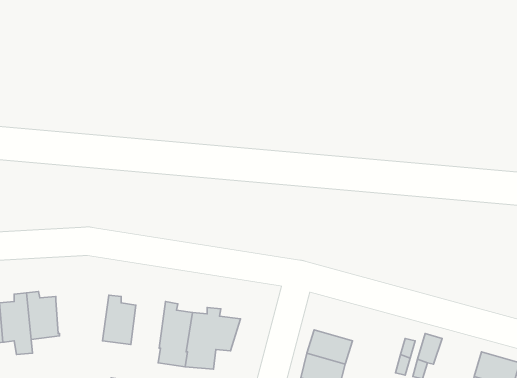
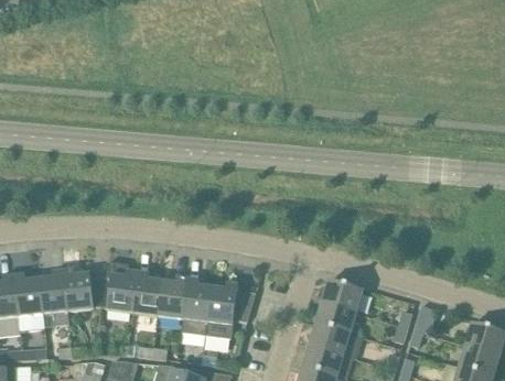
building: none -> [89,262,137,313]
building: none -> [157,276,187,319]
building: none -> [321,280,362,313]

